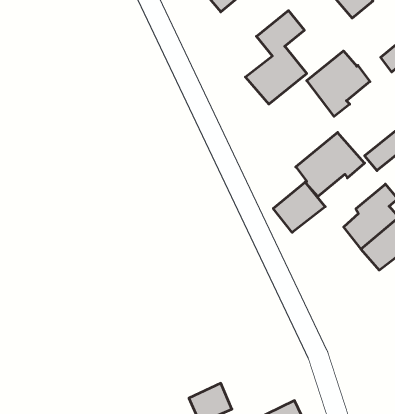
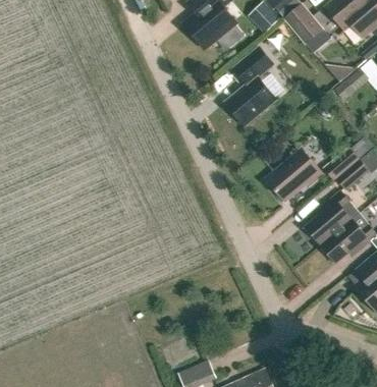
building: [307,51,370,116] -> none
building: [273,182,325,232] -> none

